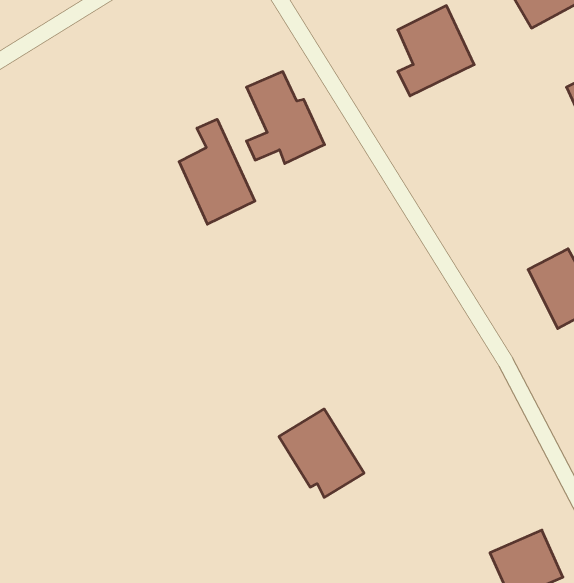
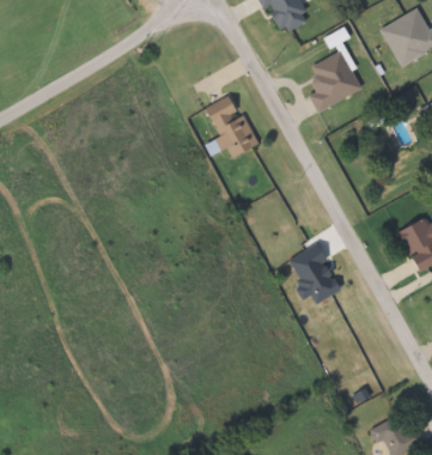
building: [179,119,255,224] -> none
building: [279,409,364,497] -> [285,242,343,303]

